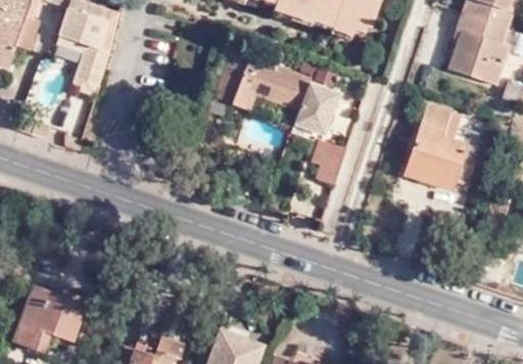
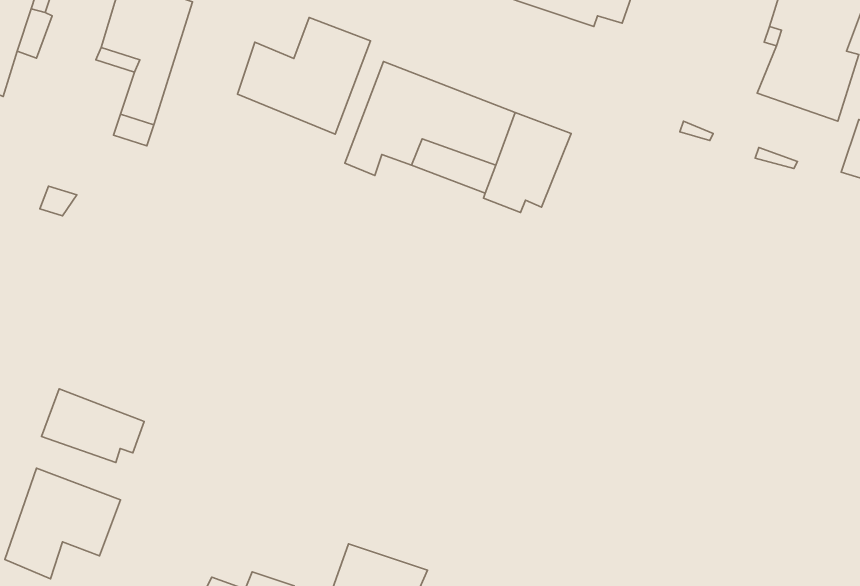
building: none -> [237,18,371,134]
building: [406,102,479,190] -> none
building: [311,140,345,185] -> none
building: none -> [41,389,144,462]

